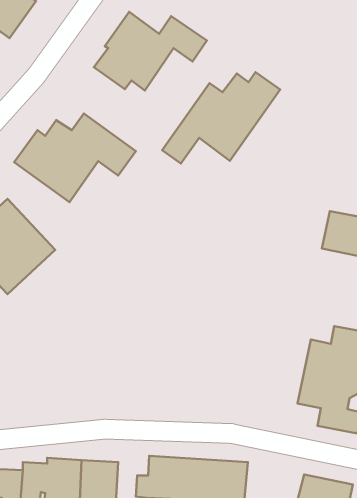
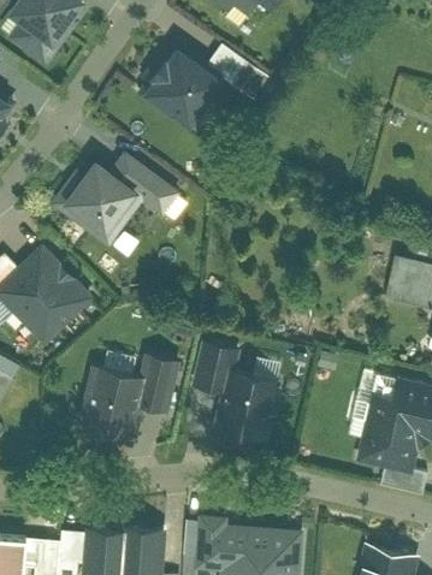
building: [162,72,280,163] -> none
building: none -> [194,338,279,438]
building: none -> [79,351,177,434]

